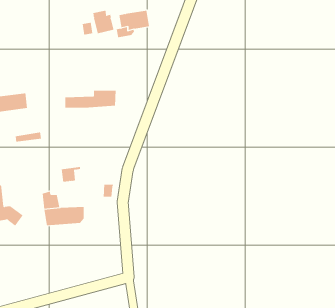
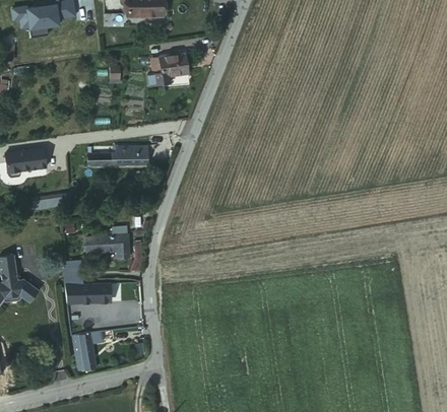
building: [93,10,114,34] -> none
building: none -> [100,225,129,252]
building: none -> [73,335,94,369]

